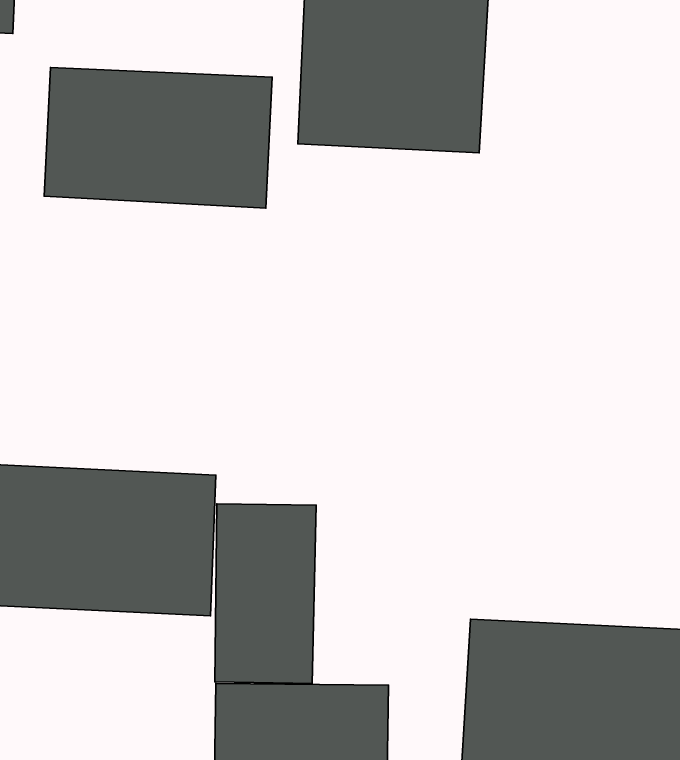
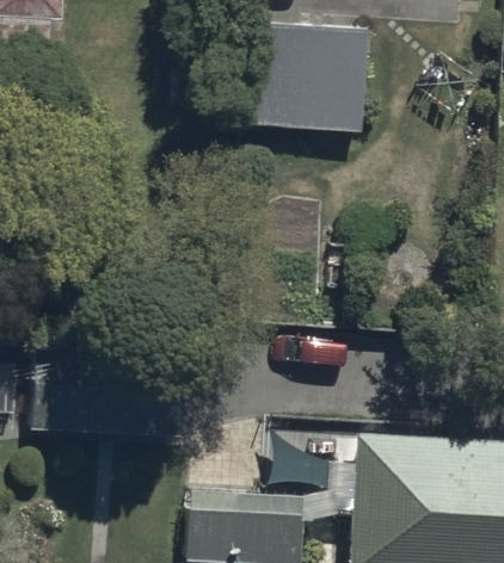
building: [44,67,272,208] -> none
building: [215,504,316,684] -> none

